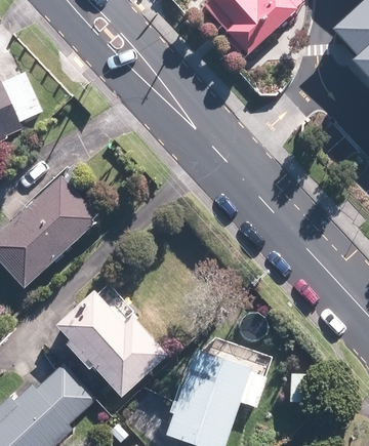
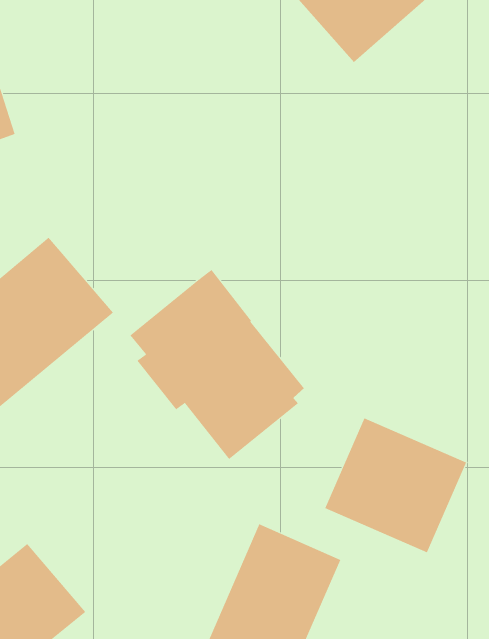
building: none -> [324,417,467,553]
building: [57,282,166,398] -> [129,269,305,460]

